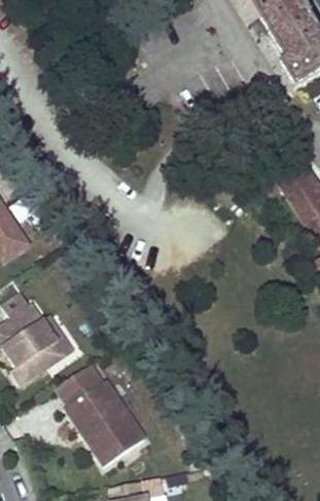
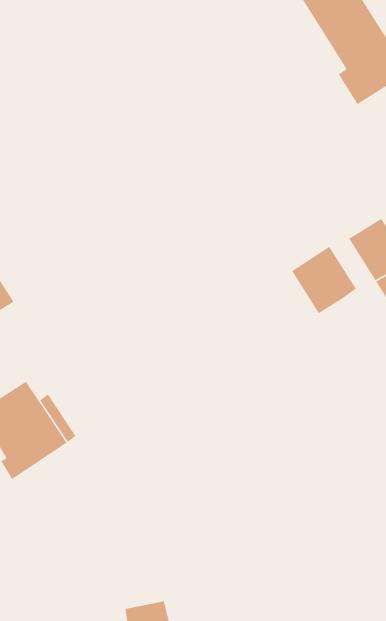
building: none -> [291,246,357,314]
building: [56,361,144,463] -> none

